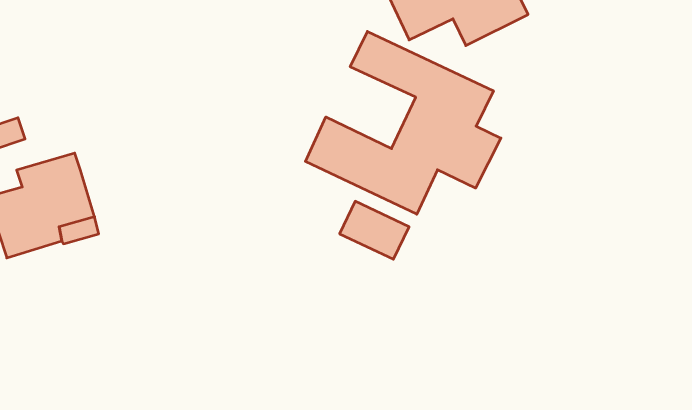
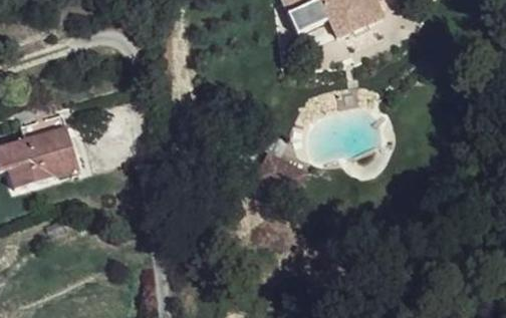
building: [305,31,501,214] -> none

